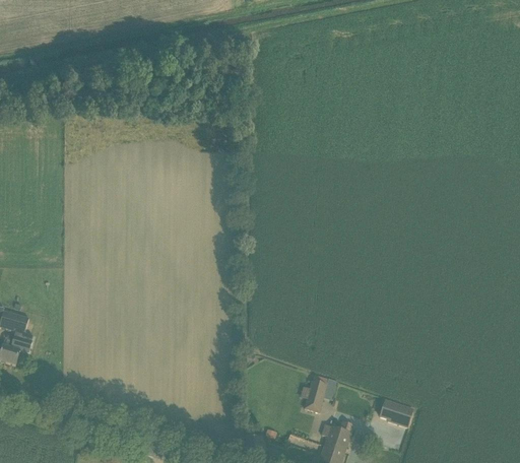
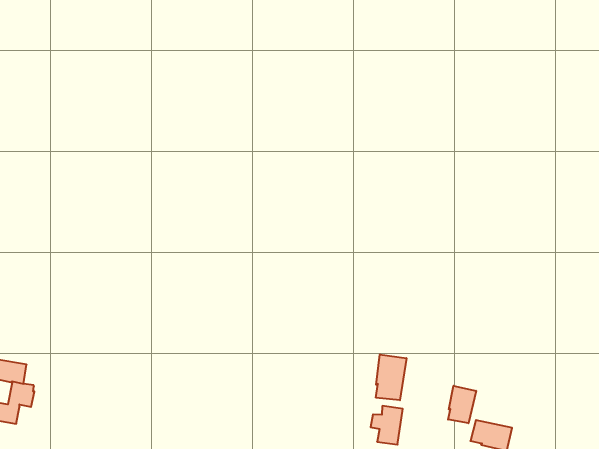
building: none -> [376,354,406,400]
building: none -> [448,386,476,423]

